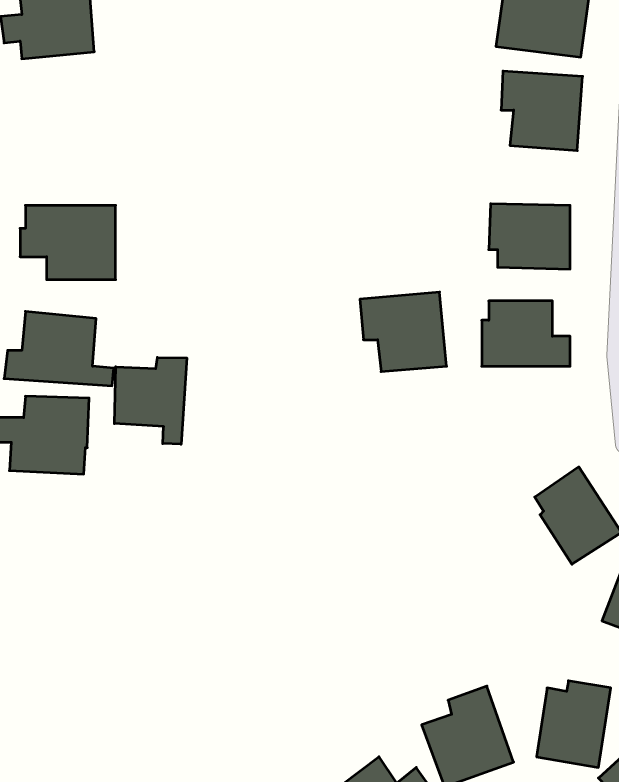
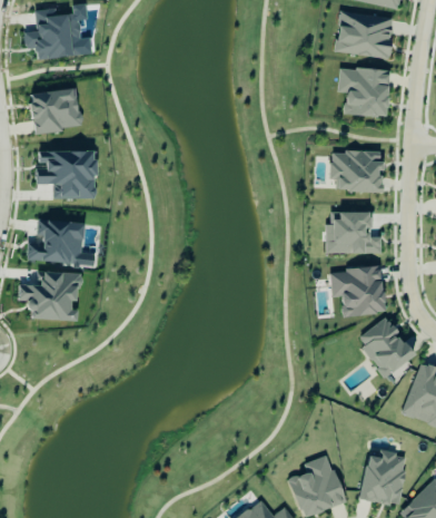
building: none -> [29,88,80,133]
building: [360,292,447,372] -> [330,266,385,316]
building: [114,357,187,444] -> none

